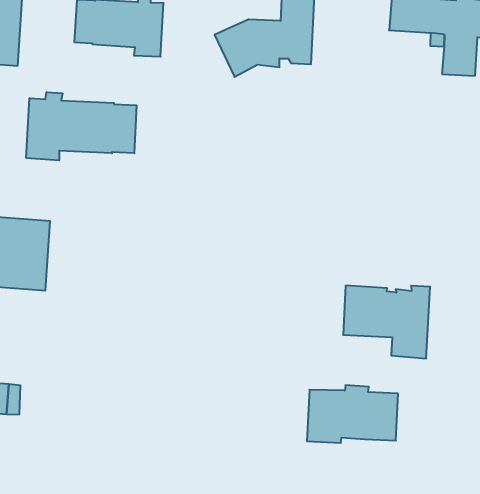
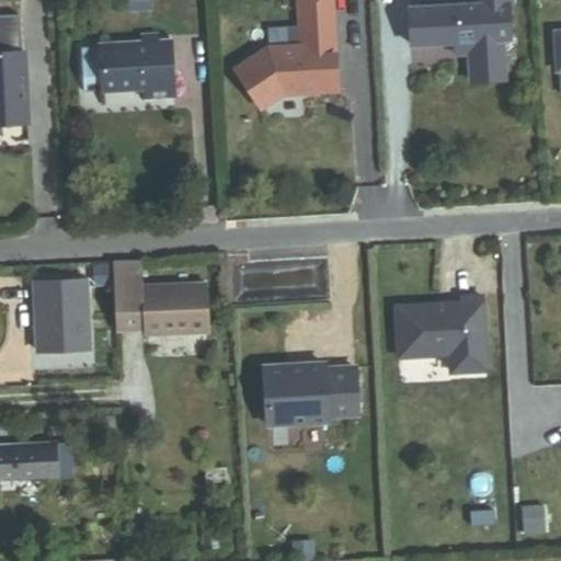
building: [26,92,136,160] -> none
building: none -> [114,256,211,335]
building: [307,385,398,443] -> [263,364,357,426]

